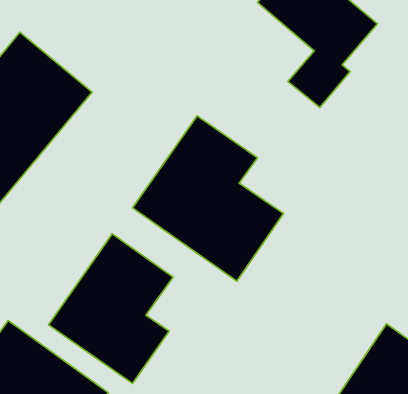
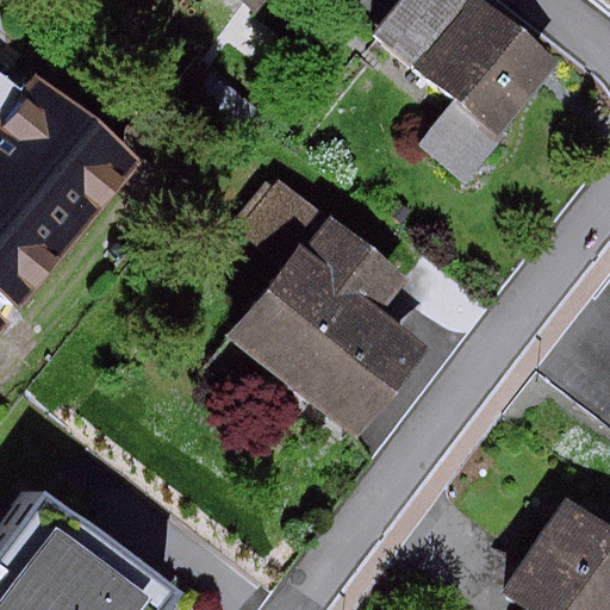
building: [48,234,173,383] -> none

